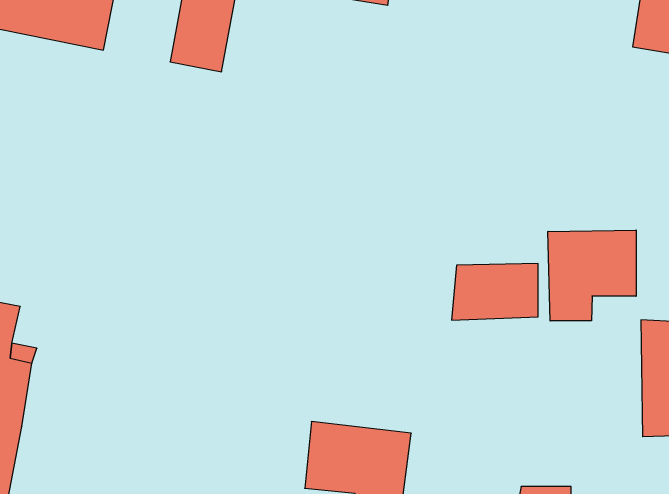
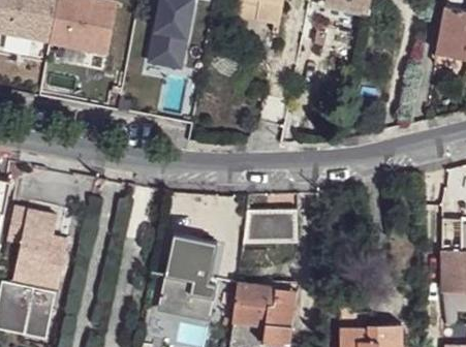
building: [548,230,636,321] -> none
building: [452,264,538,320] -> [243,209,297,244]
building: none -> [161,229,217,311]

